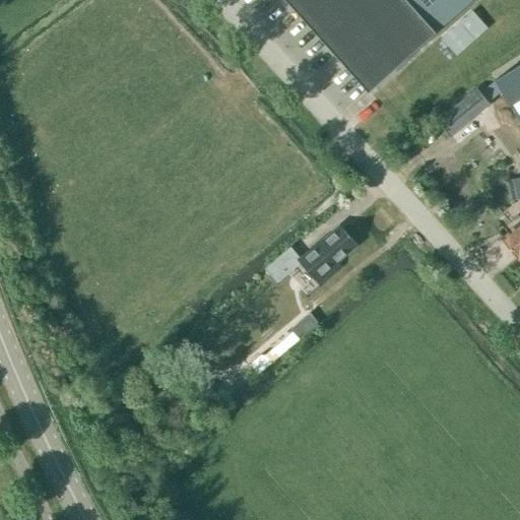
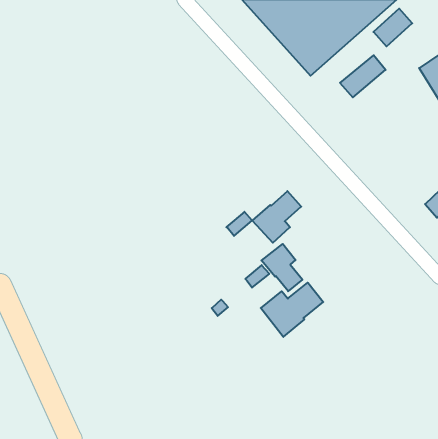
building: [438,86,492,136] -> [340,55,386,97]
building: none -> [261,244,302,291]
building: none -> [261,283,323,337]

